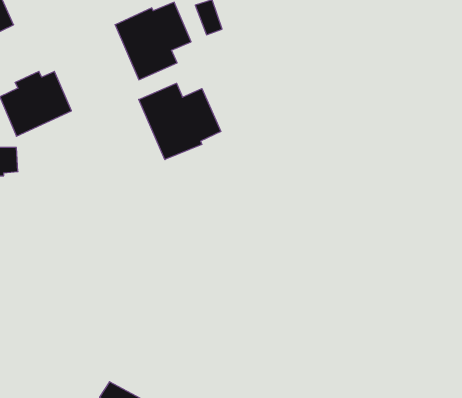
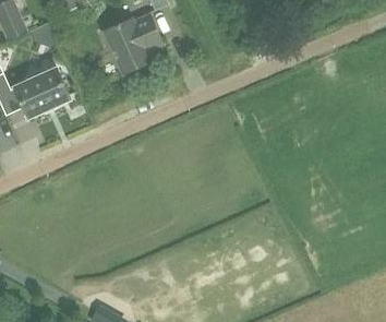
building: [139,83,221,160] -> none

